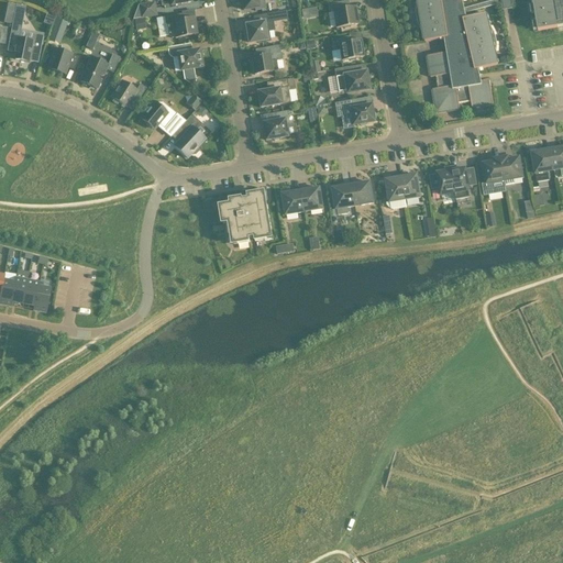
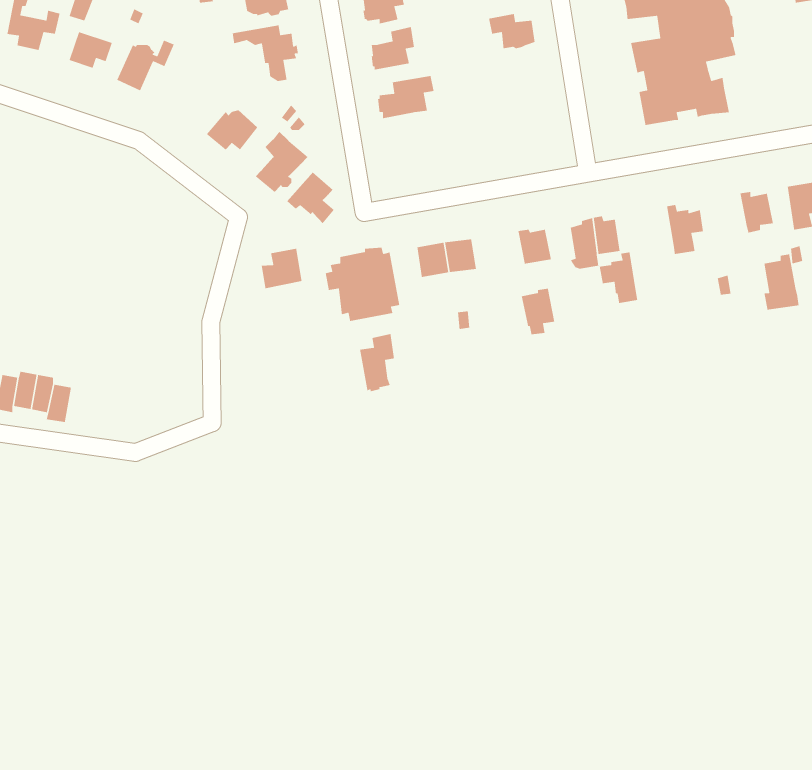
building: [333,64,367,90] -> none
building: [111,78,145,104] -> none
building: [333,97,374,123] -> none
building: [262,108,291,137] -> none
building: none -> [286,171,335,224]
building: [482,155,506,194] -> [764,253,800,311]
building: [429,164,455,199] -> [599,252,638,304]
building: [331,180,354,212] -> [521,288,555,335]
building: none -> [261,248,303,289]
building: none -> [359,333,395,392]

